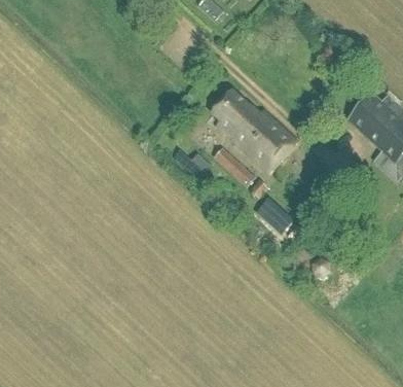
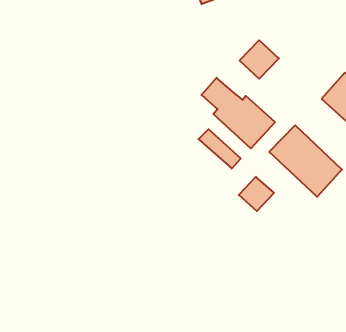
building: none -> [240,40,279,79]
building: none -> [269,125,342,197]

